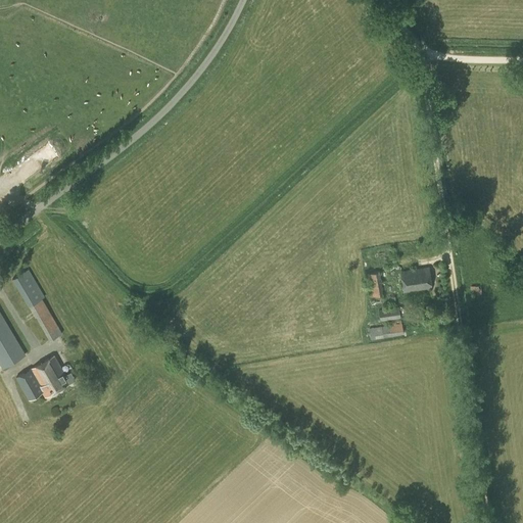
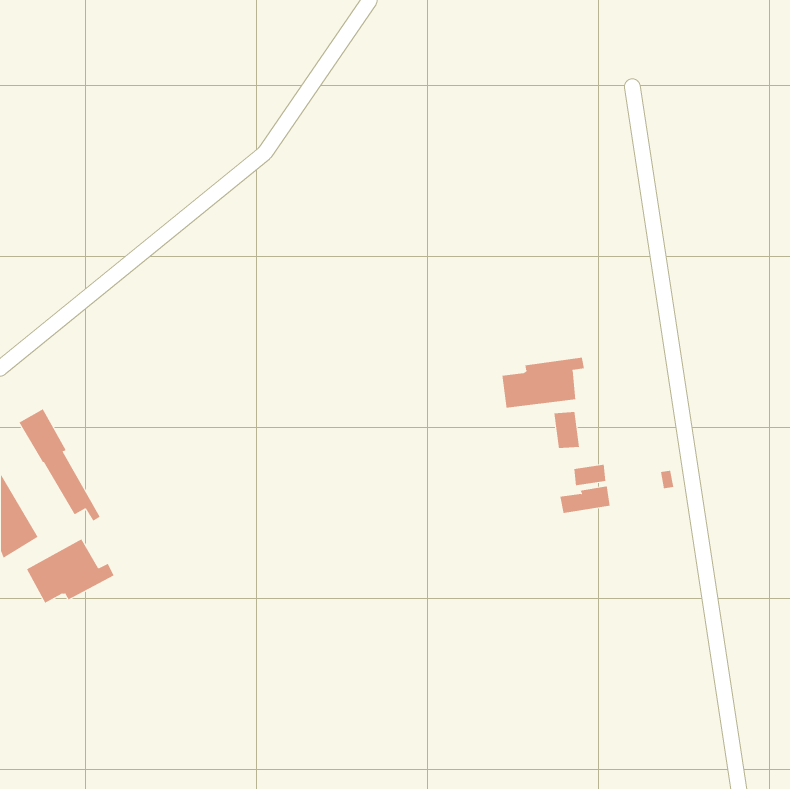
building: none -> [502,357,584,409]
building: [400,268,432,293] -> none

